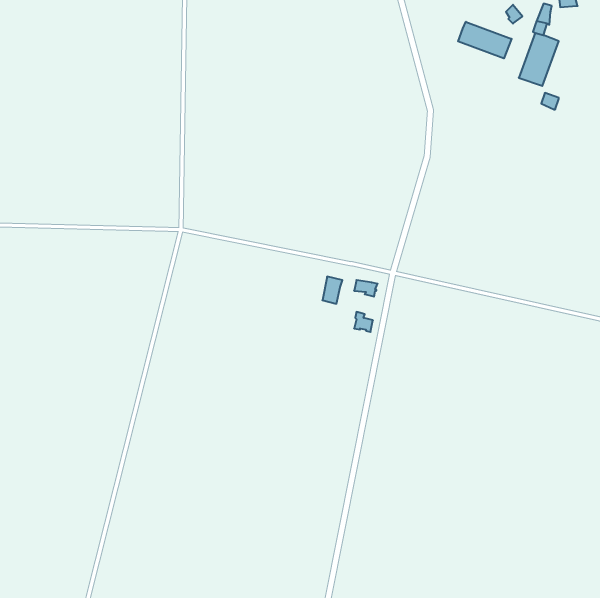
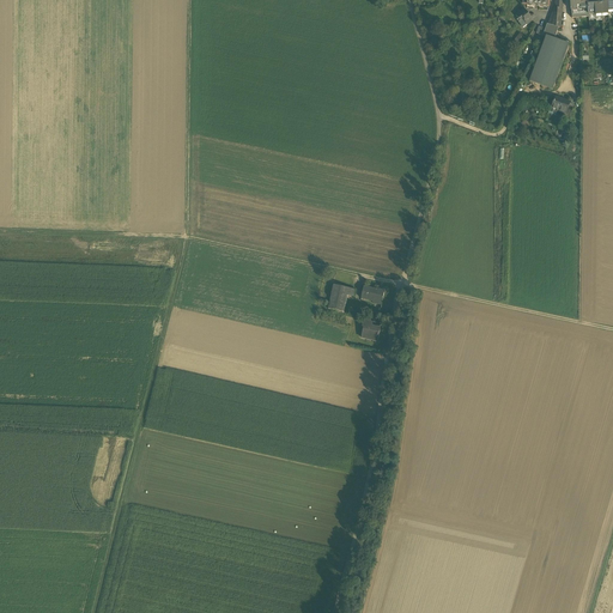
building: [458,22,512,58] -> none

